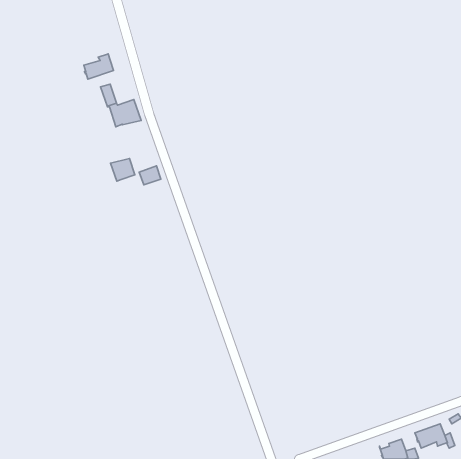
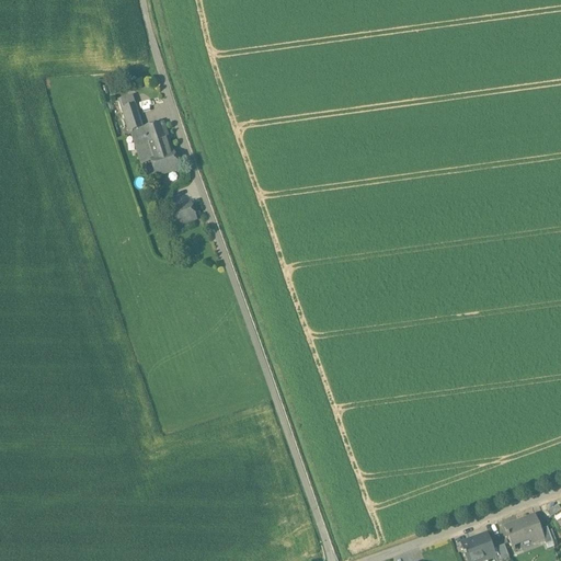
building: [84,54,113,79] -> none
building: [110,159,135,181] -> [148,146,178,173]

